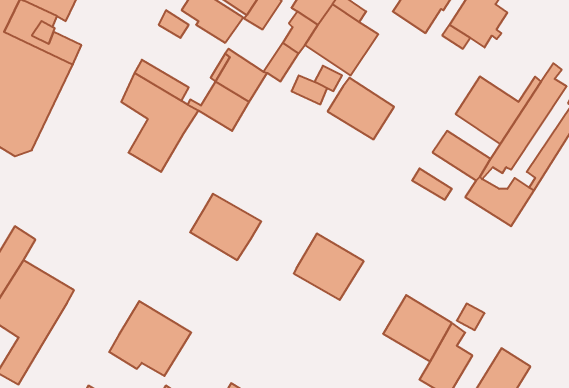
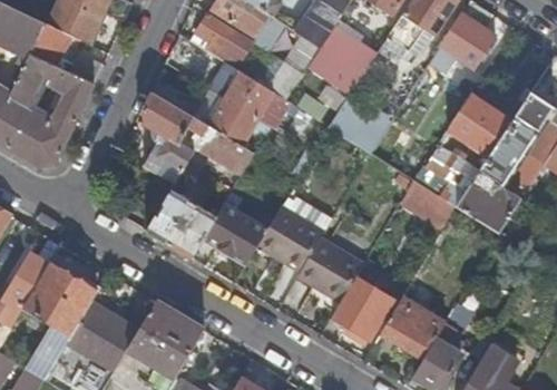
building: none -> [196,126,253,174]
building: none -> [146,189,215,257]
building: none -> [257,208,322,272]
building: none -> [332,277,391,338]
building: none -> [66,304,136,370]

